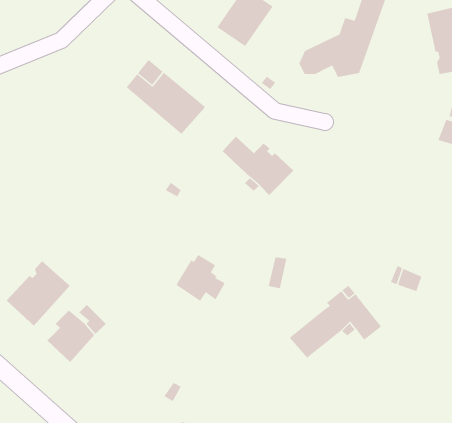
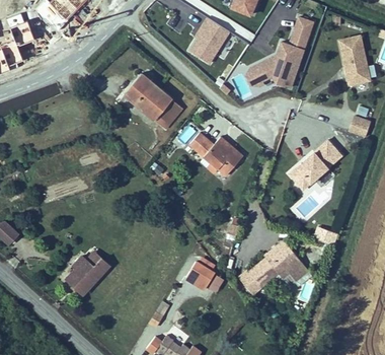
building: none -> [291,141,343,190]
building: [175,254,226,301] -> [185,258,222,292]
building: [6,261,71,327] -> none

